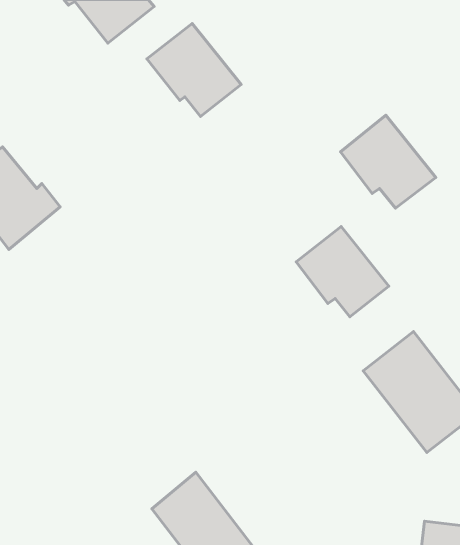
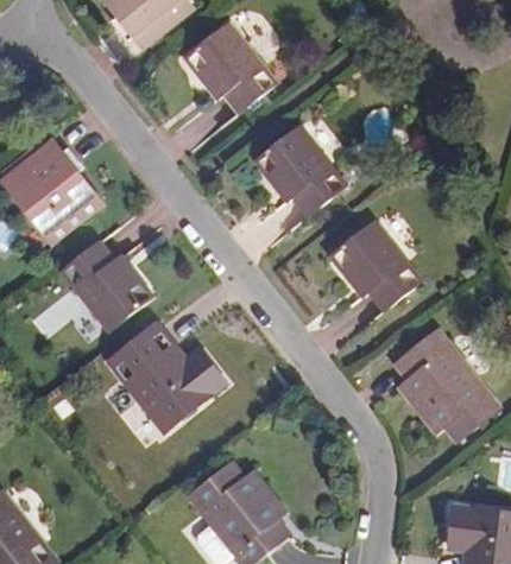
building: [340,115,436,208] -> [253,125,346,215]
building: none -> [61,240,152,328]
building: none -> [108,323,225,430]

